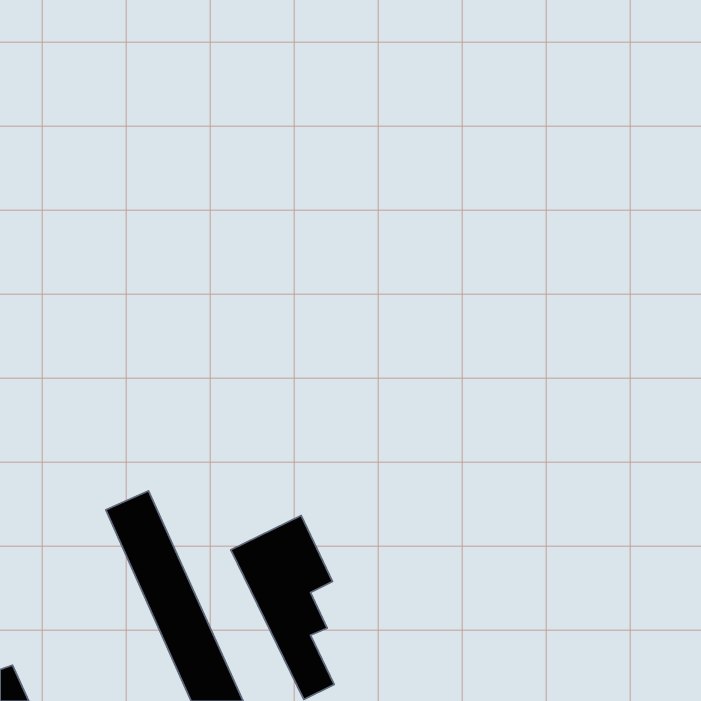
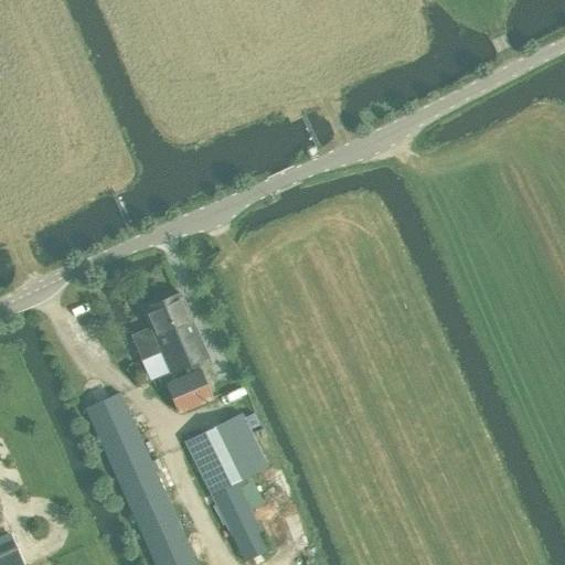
building: none -> [132,294,209,373]
building: none -> [167,370,213,412]

